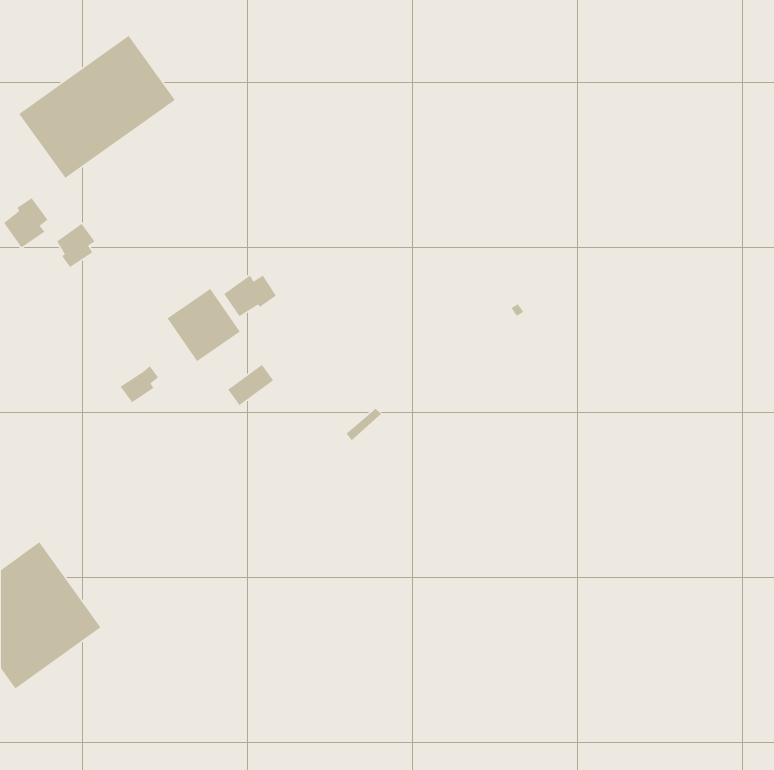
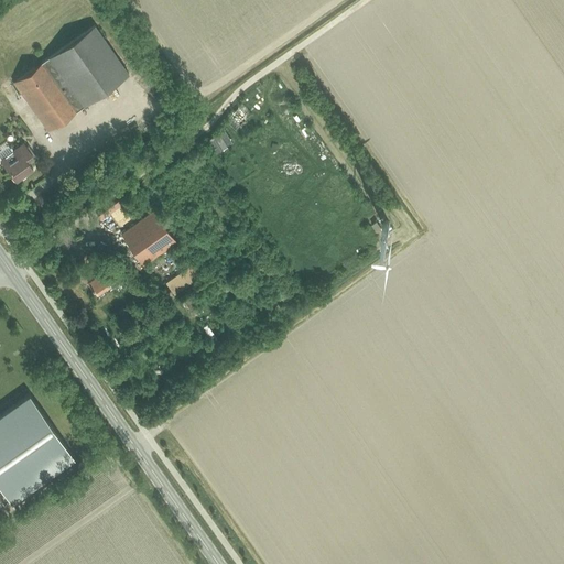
building: [56,223,95,268] -> none
building: [223,275,277,317] -> none

